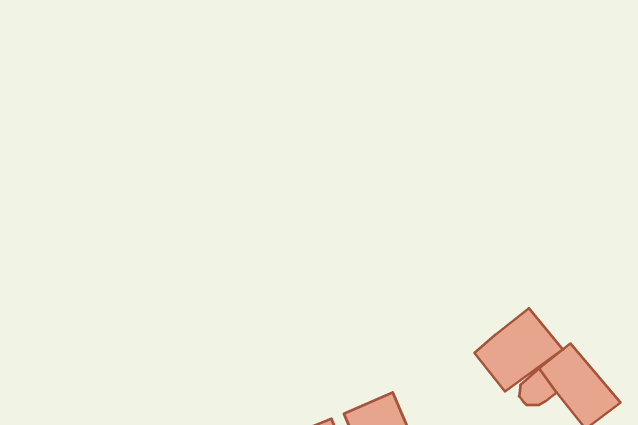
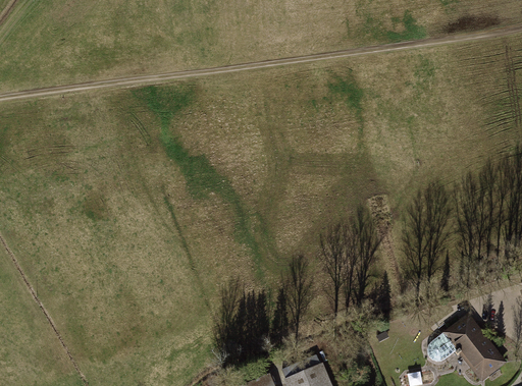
building: [475,308,563,391] -> none

